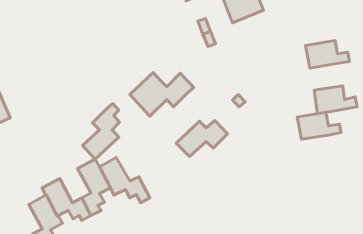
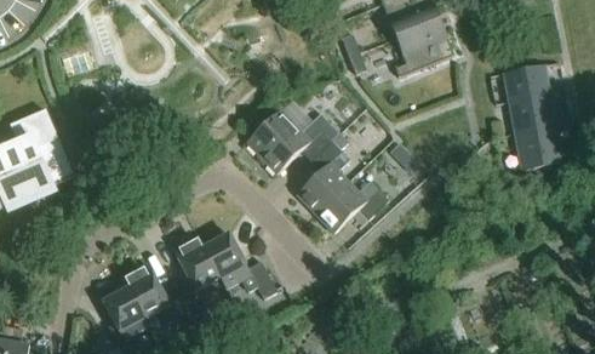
building: none -> [393,19,453,74]
building: [83,104,120,159] -> [296,131,349,211]
building: [297,112,341,139] -> [507,96,570,135]

